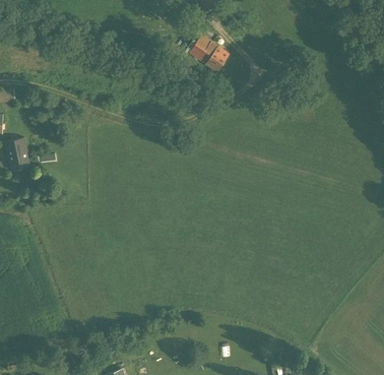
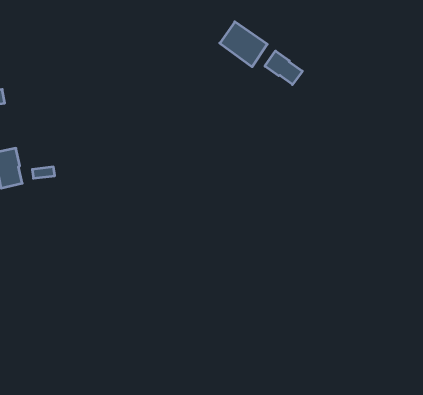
building: none -> [265,51,302,85]

